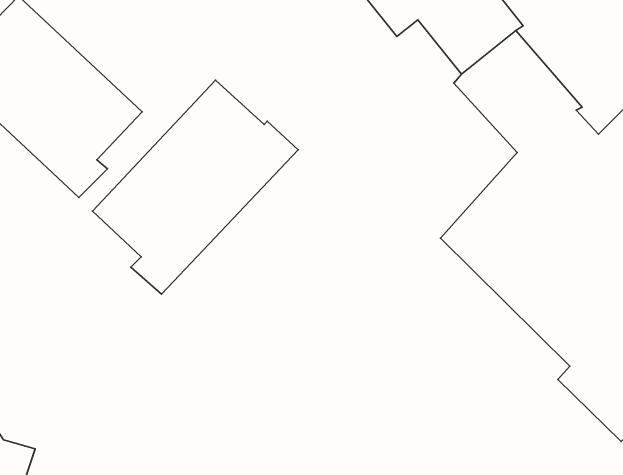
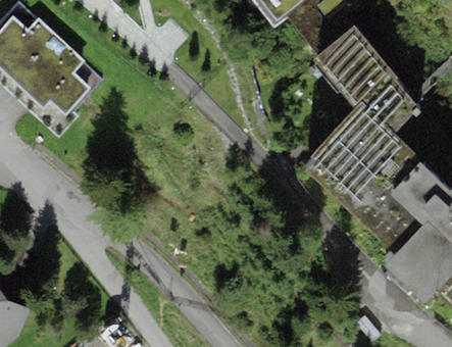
building: [93,80,298,294] -> none

